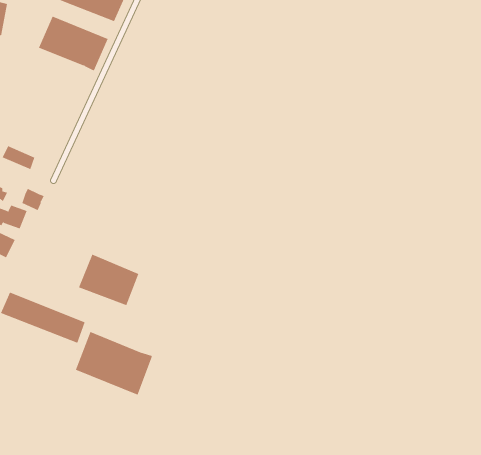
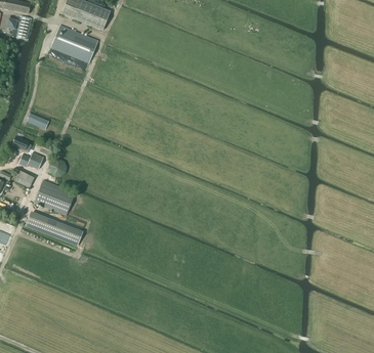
building: [78,254,139,306] -> [34,180,75,215]
building: [75,331,153,395] -> none

